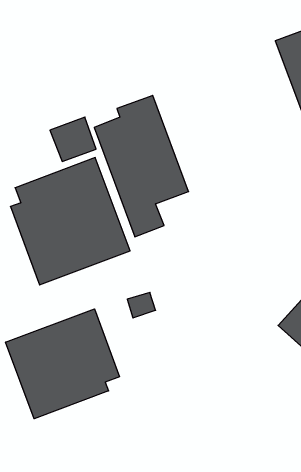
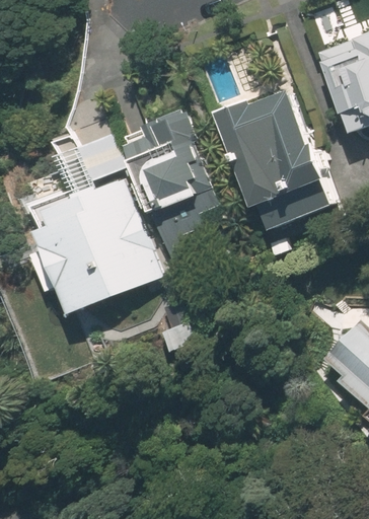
building: none -> [215,89,327,226]
building: [6,309,120,419] -> none

